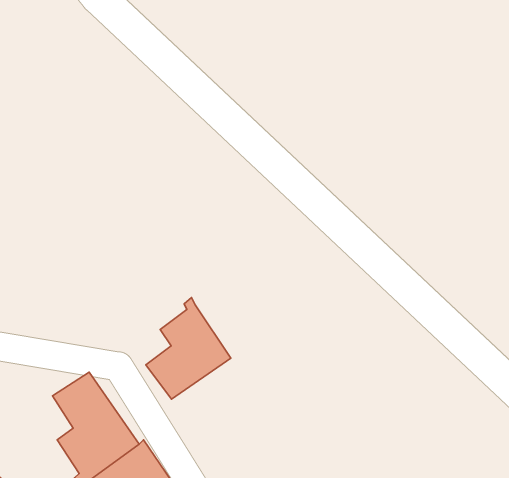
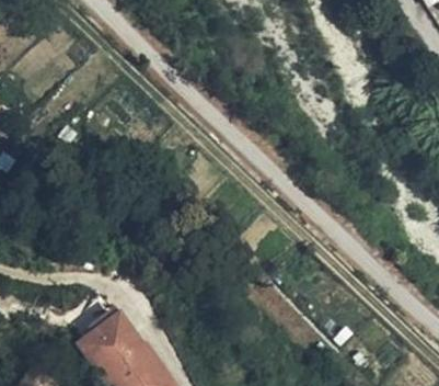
building: [146,298,231,399] -> none

